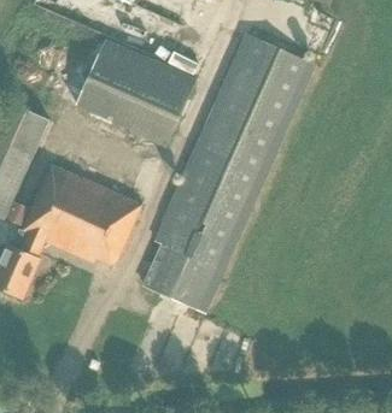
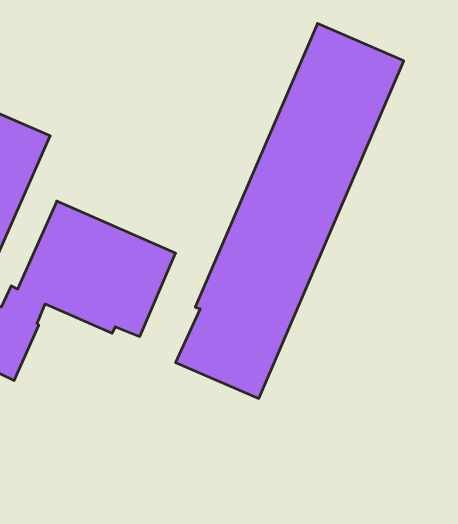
building: [76,39,195,144] -> none

